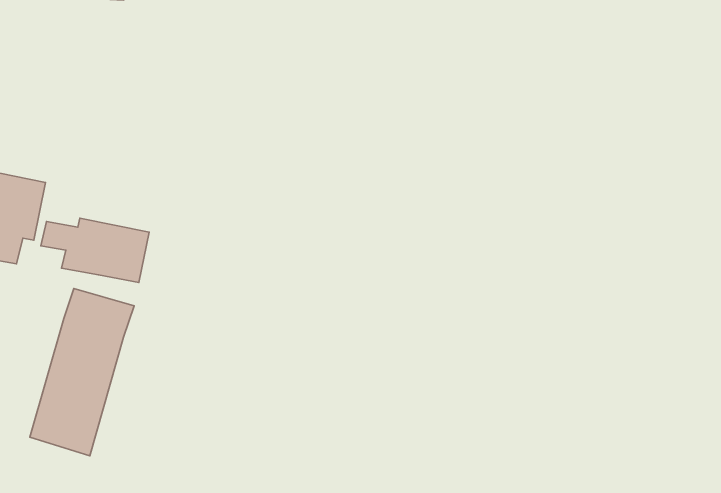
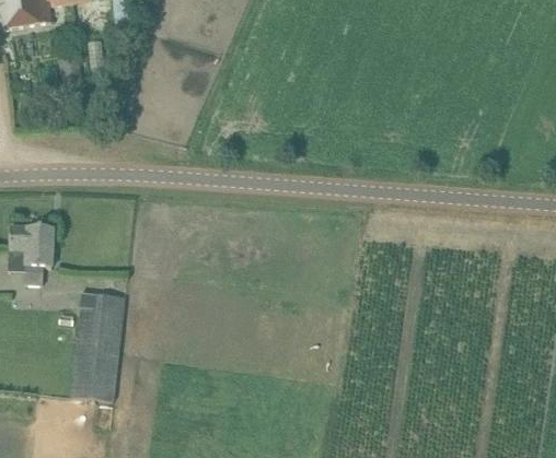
building: [41,218,149,282] -> none

